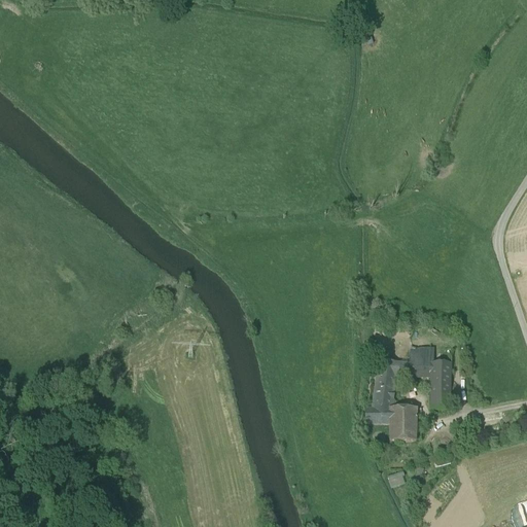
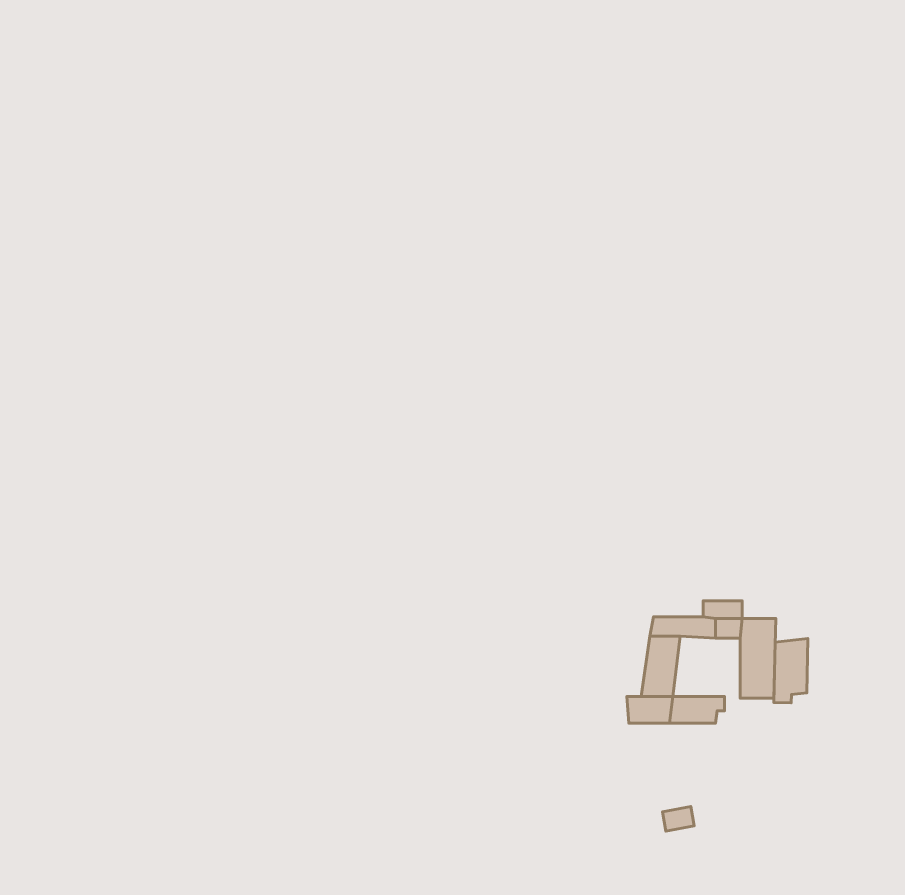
building: none -> [774,639,808,703]
building: [389,420,416,437] -> none

